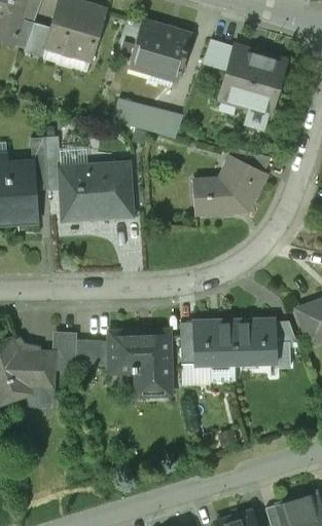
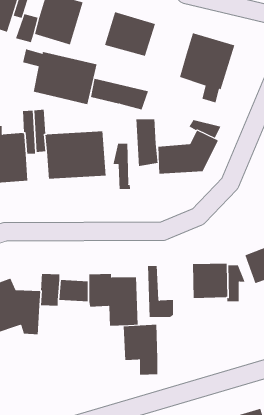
building: [202,39,235,71] -> none
building: none -> [23,49,97,105]
building: none -> [136,118,158,167]
building: none -> [113,143,130,190]
building: [193,321,236,381] -> [123,324,158,375]

